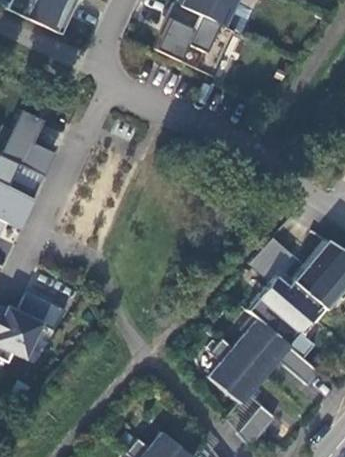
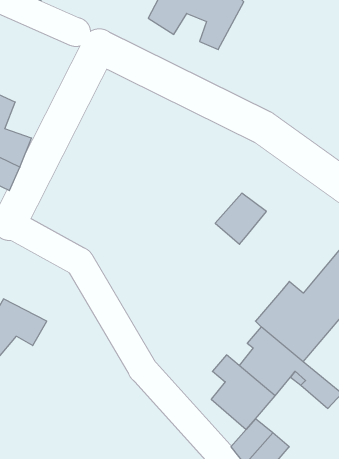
building: [250,238,294,282] -> [215,193,266,244]

